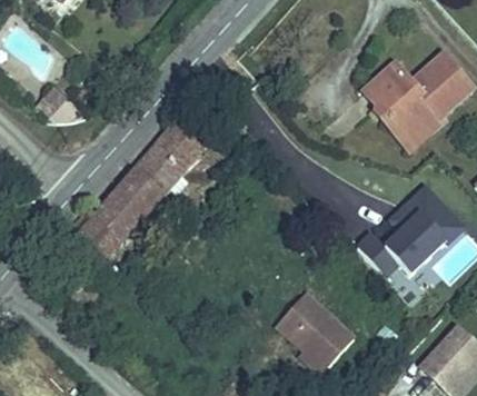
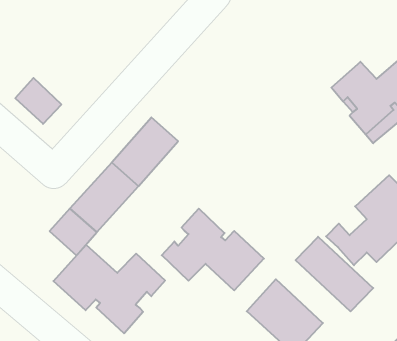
building: none -> [162,209,264,290]
building: none -> [296,237,373,311]
building: none -> [53,245,165,333]

